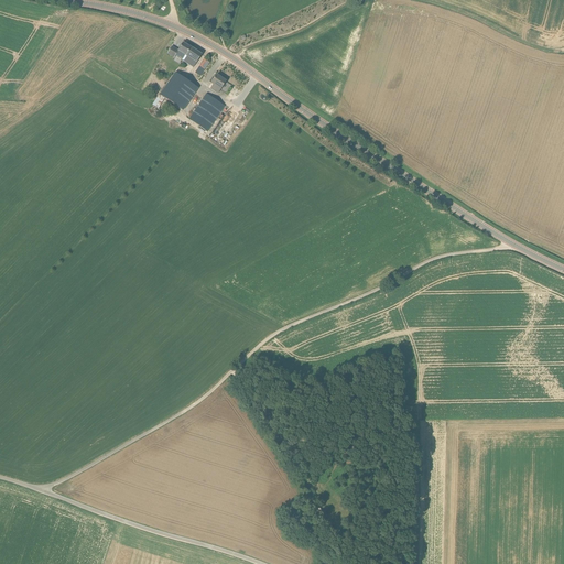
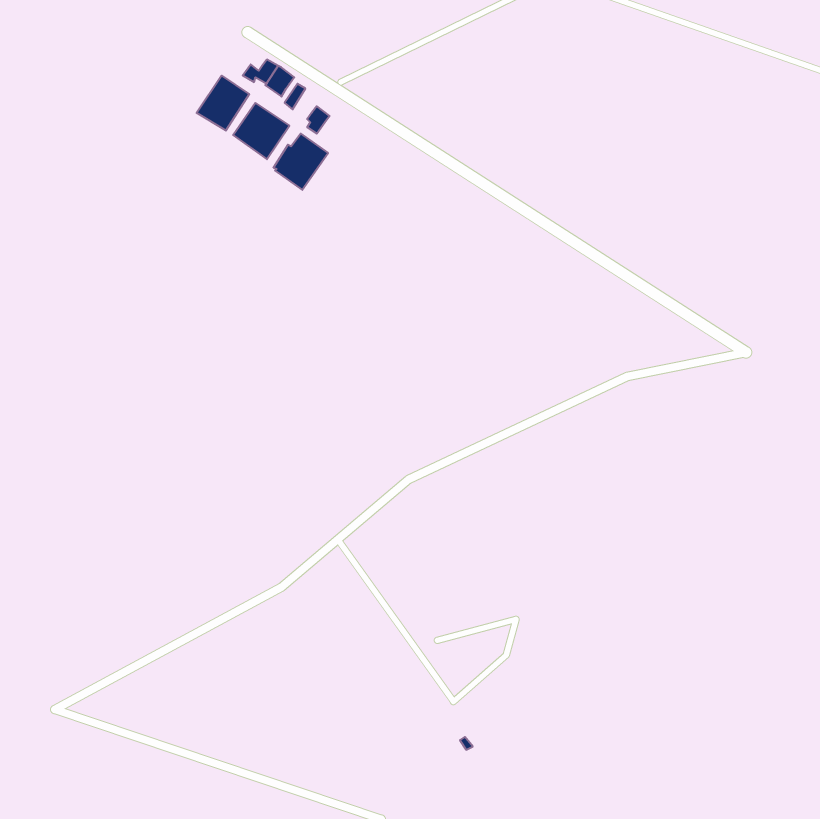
building: none -> [197,76,249,131]

